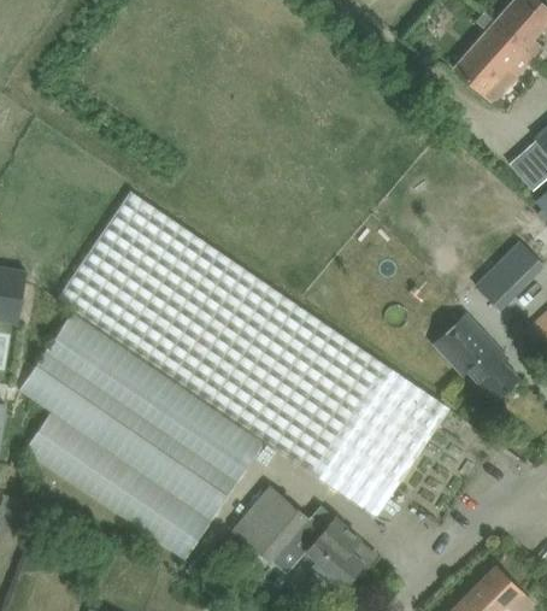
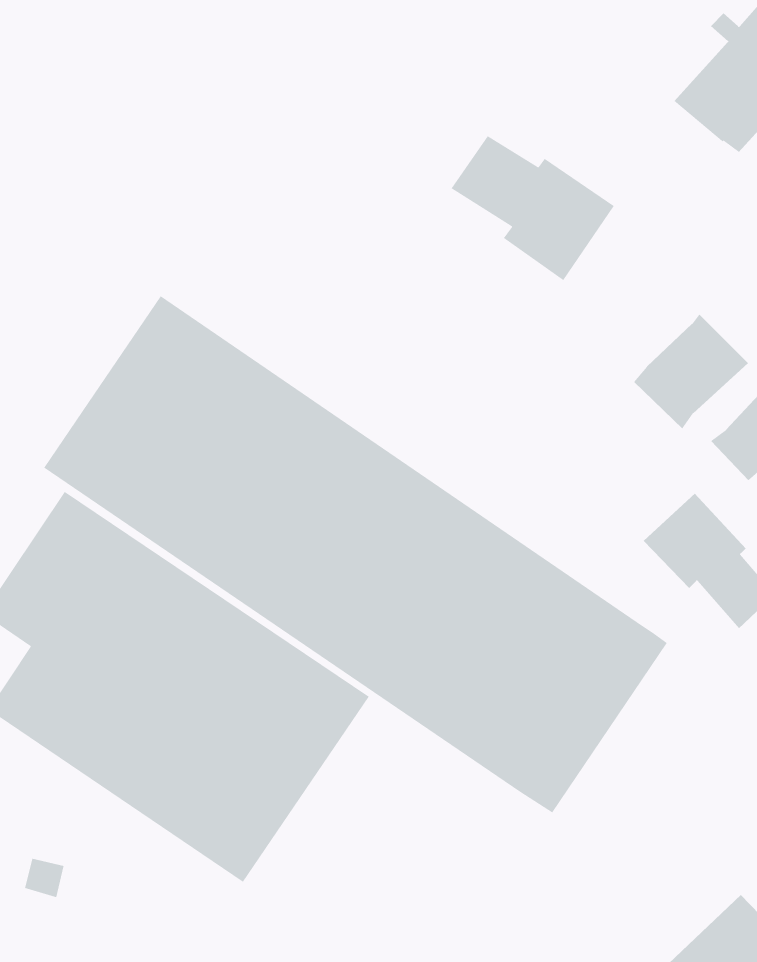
building: none -> [451,135,615,281]
building: none -> [633,314,749,429]
building: [234,487,363,588] -> none

